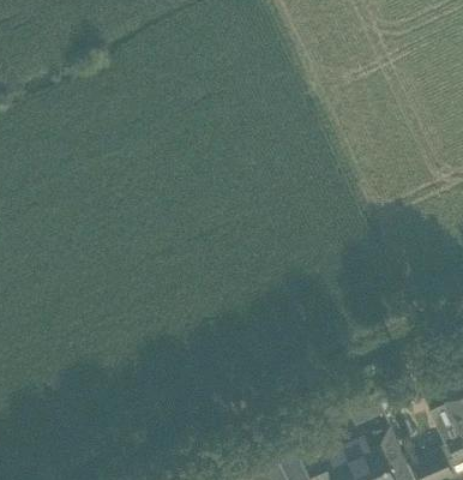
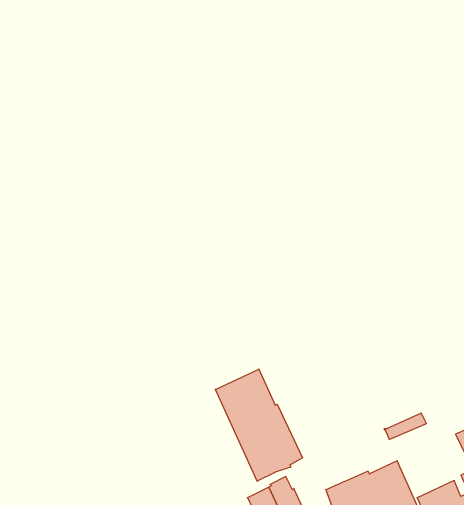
building: none -> [215,369,302,481]

